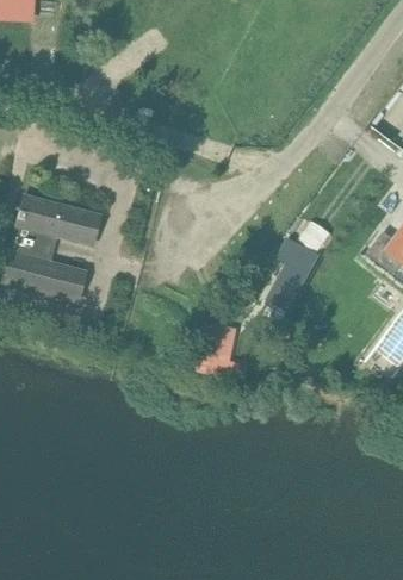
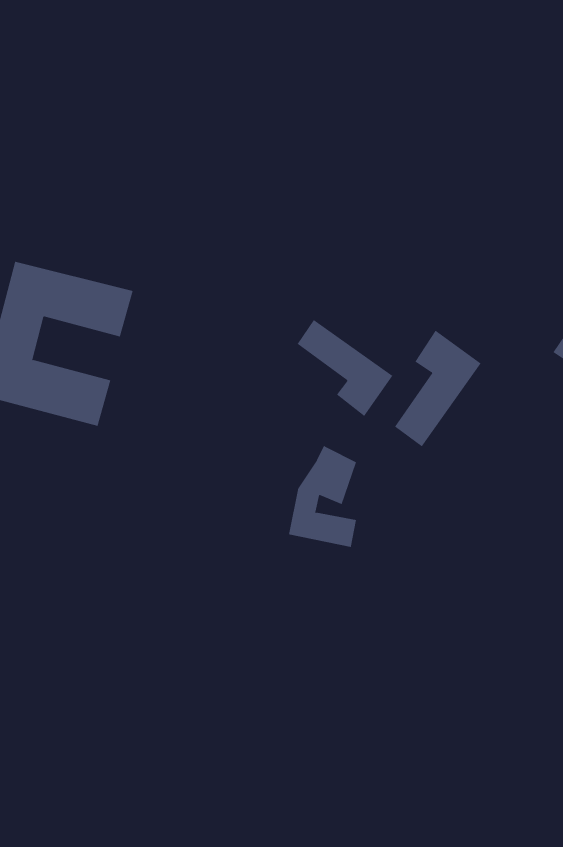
building: none -> [297,319,393,417]

